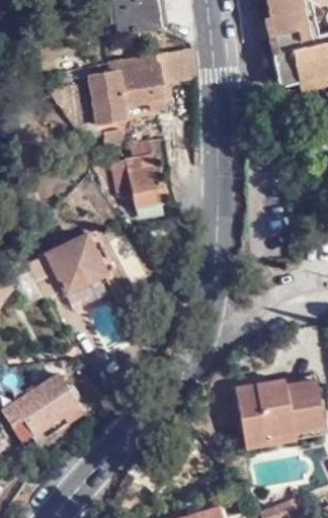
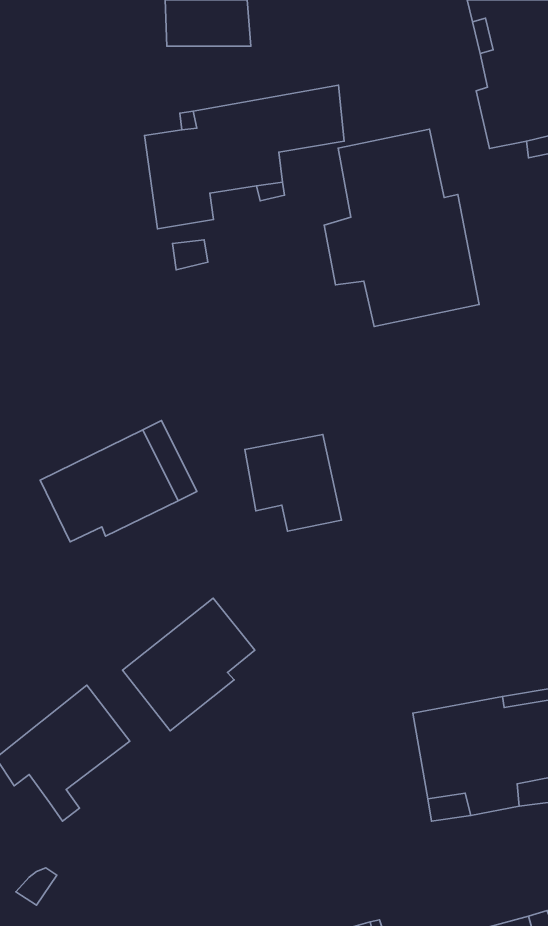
building: none -> [324,129,479,326]
building: [113,156,166,208] -> [245,434,342,531]
building: none -> [123,598,255,731]

